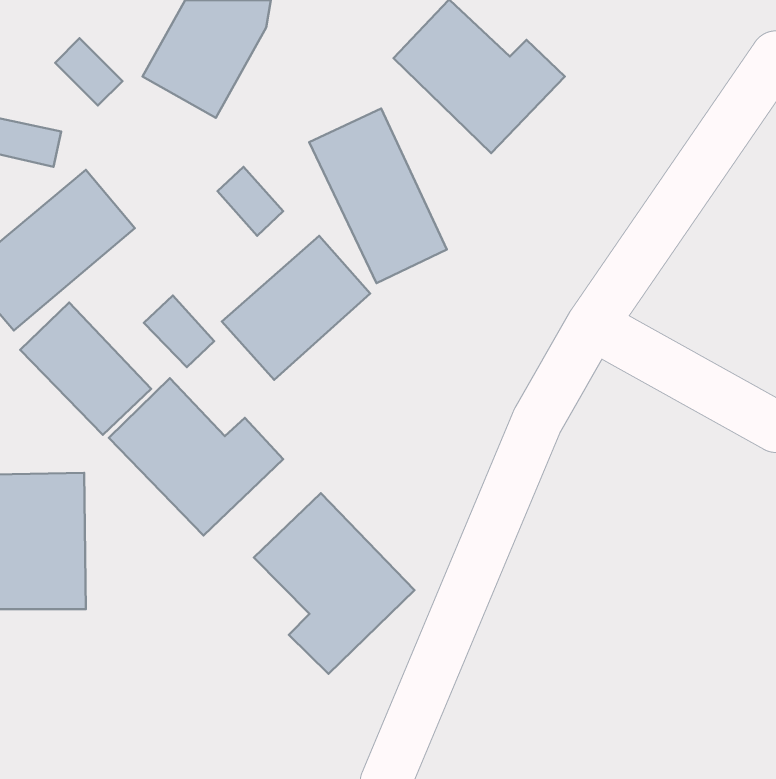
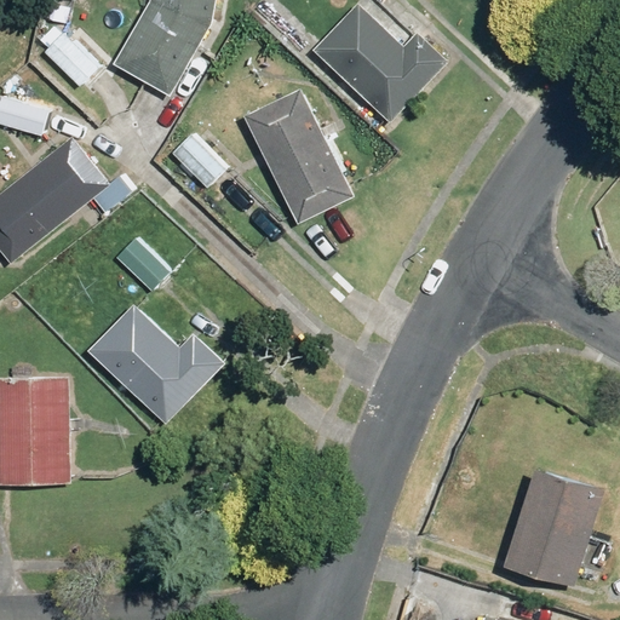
building: [222,236,370,380] -> none
building: [20,302,151,435] -> none
building: [254,493,415,674] -> none
building: none -> [506,471,601,584]

